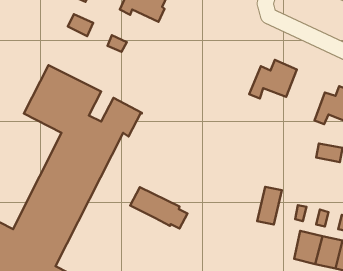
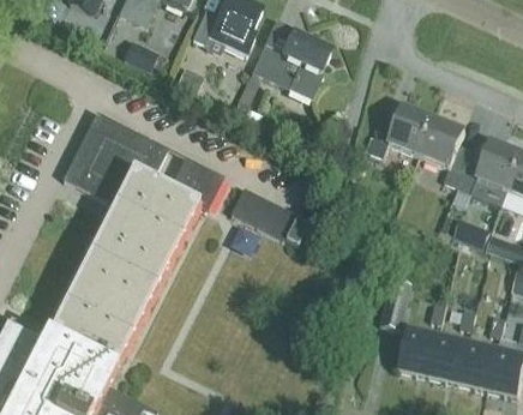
building: none -> [252,32,331,97]
building: none -> [420,120,473,190]
building: [130,187,188,229] -> [230,188,308,245]
building: none -> [399,332,439,378]

